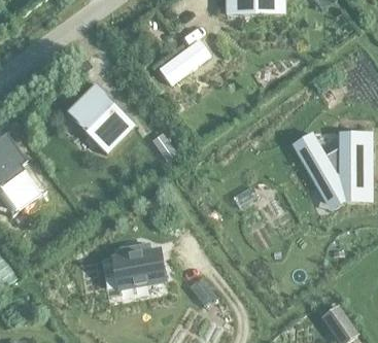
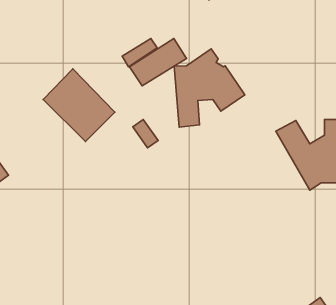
building: none -> [174,49,245,127]
building: [112,242,166,287] -> none

